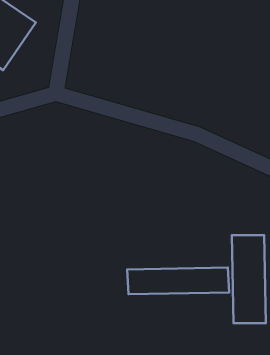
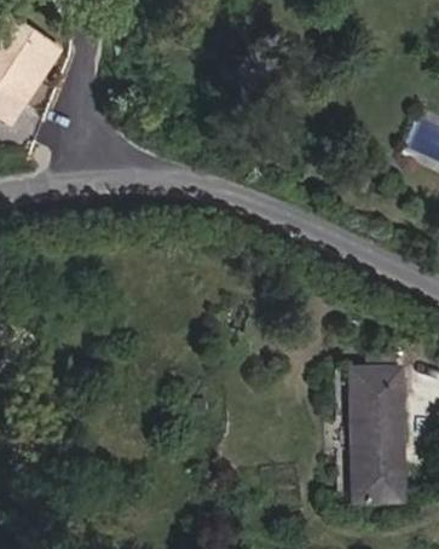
building: [127,268,229,294] -> none

